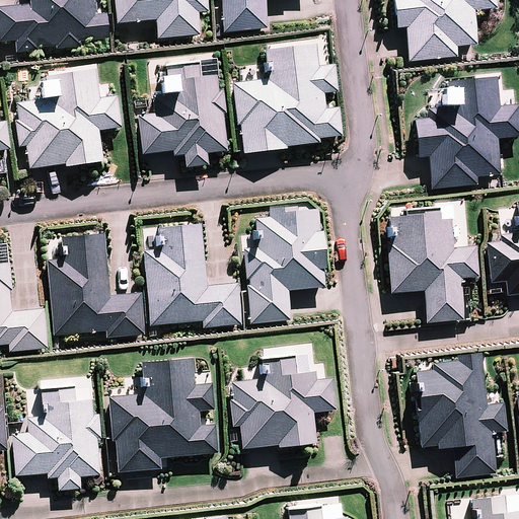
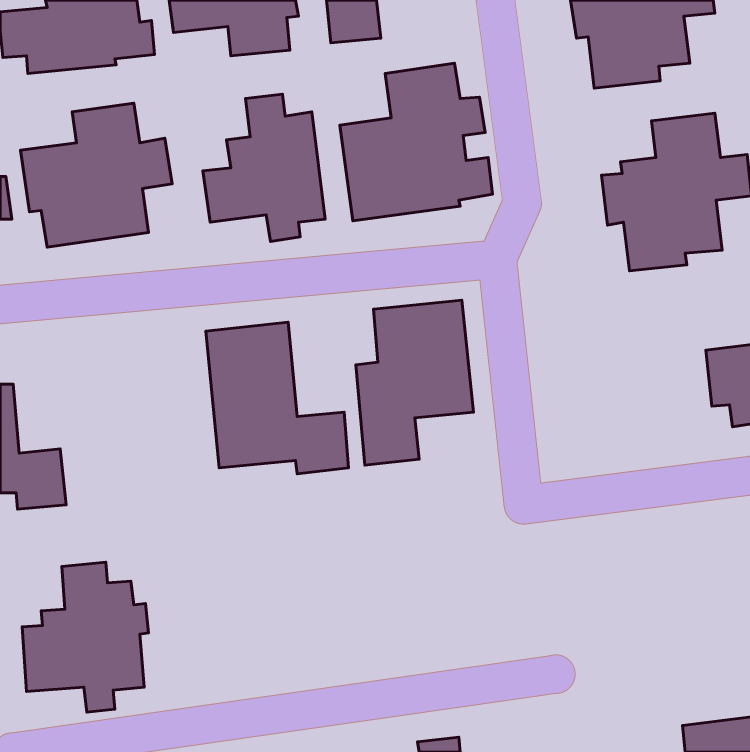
building: [387,210,475,320] -> none
building: [50,234,144,339] -> none
building: [414,354,502,476] -> none
building: [231,359,332,446] -> none
building: [113,361,216,469] -> none

